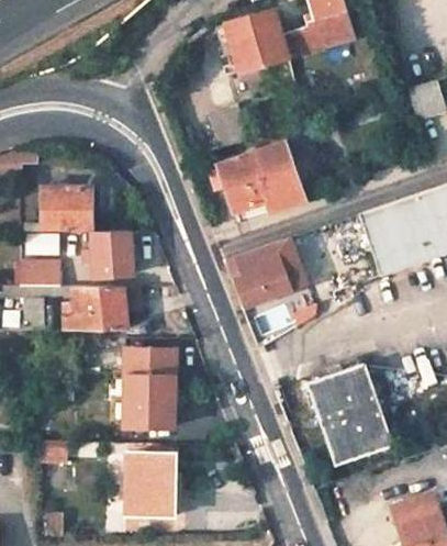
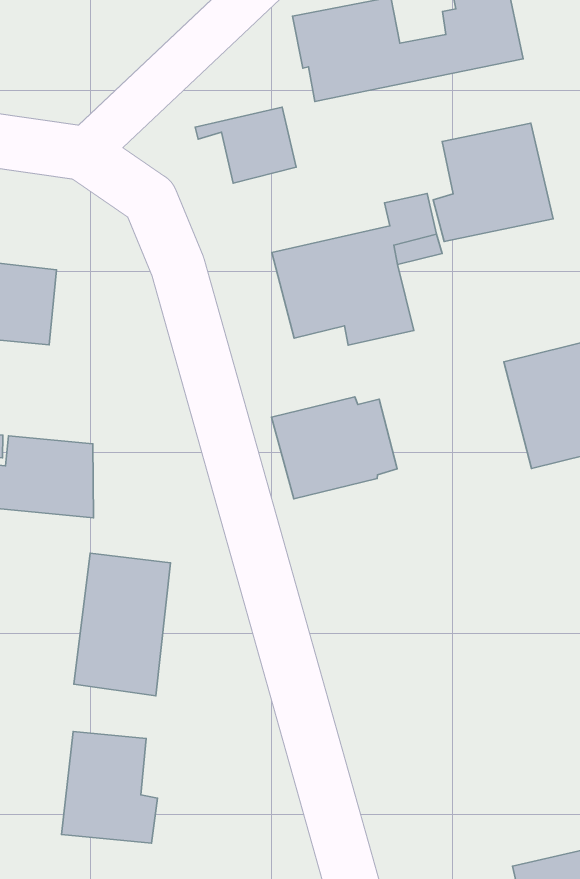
building: none -> [433,123,553,241]
building: none -> [195,107,296,183]
building: [85,231,135,277] -> none
building: [306,365,393,465] -> none

